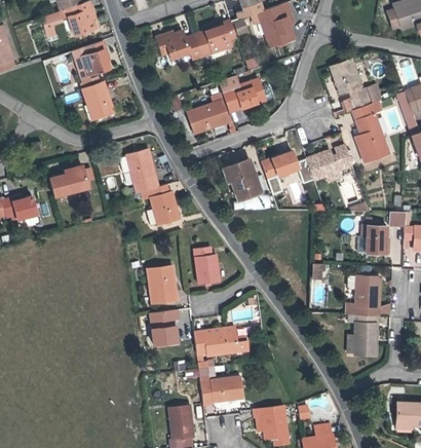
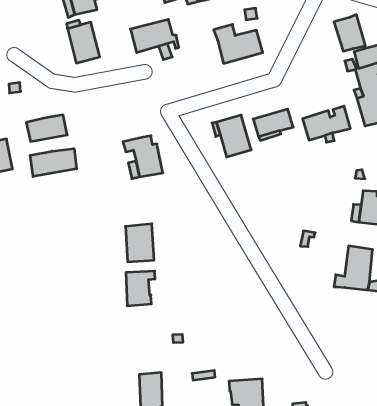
building: [188,101,234,134] -> [130,19,179,53]
building: [126,149,158,192] -> none
building: none -> [30,149,77,177]
building: [194,248,220,284] -> none
building: [354,314,377,356] -> none
building: [194,331,248,356] -> none
building: [200,376,242,405] -> none

